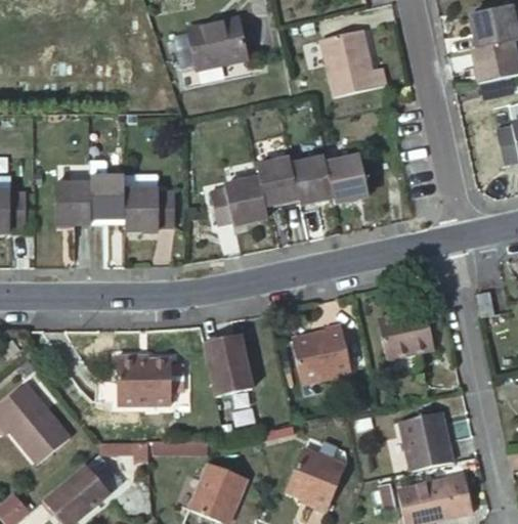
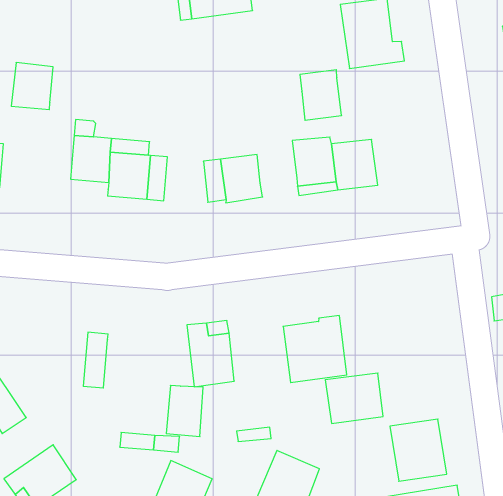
building: [254,160,295,208] -> [300,70,342,120]
building: [55,185,90,225] -> [11,63,53,110]
building: [381,311,436,360] -> [325,373,383,423]
building: [136,360,167,405] -> [166,385,203,437]

